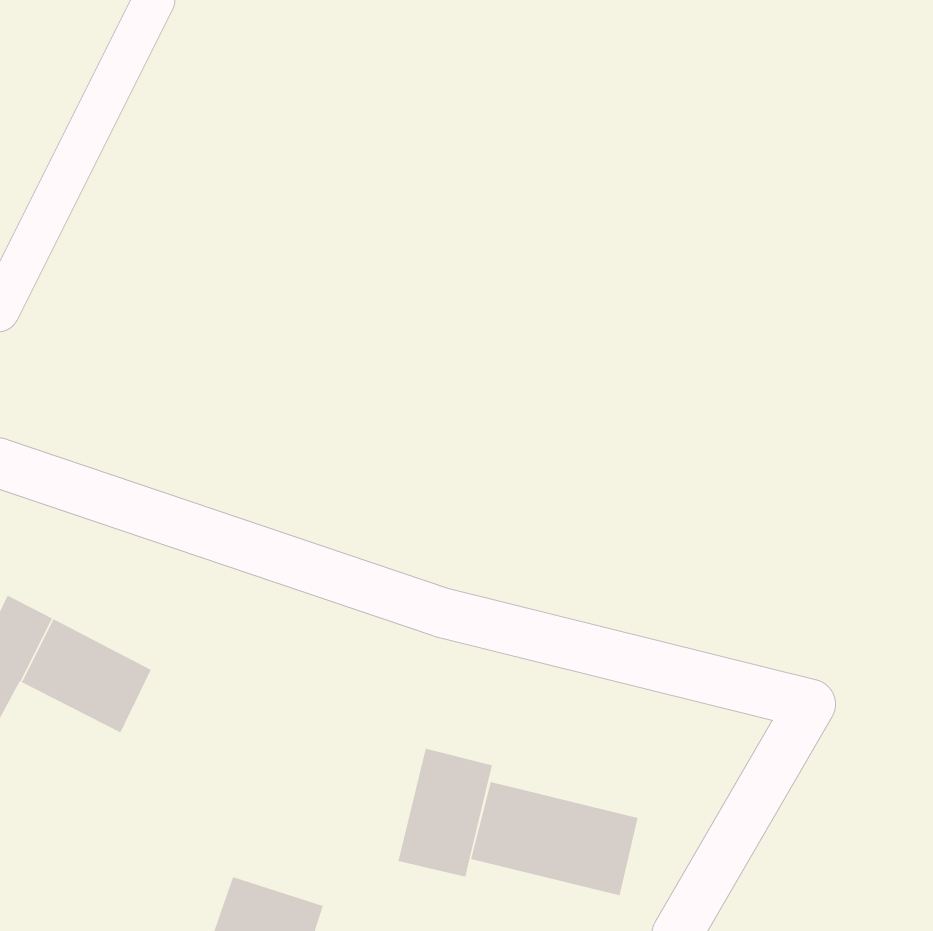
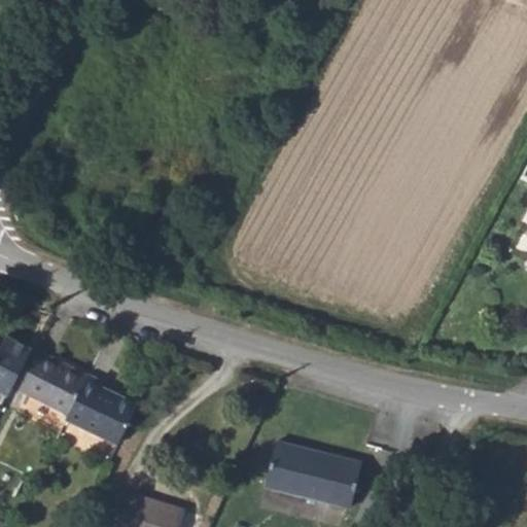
building: none -> [65,375,136,446]
building: [397,748,493,878] -> none

